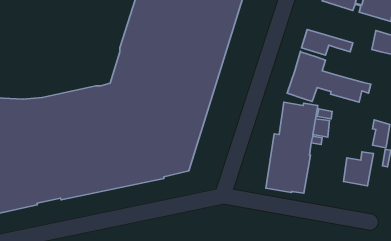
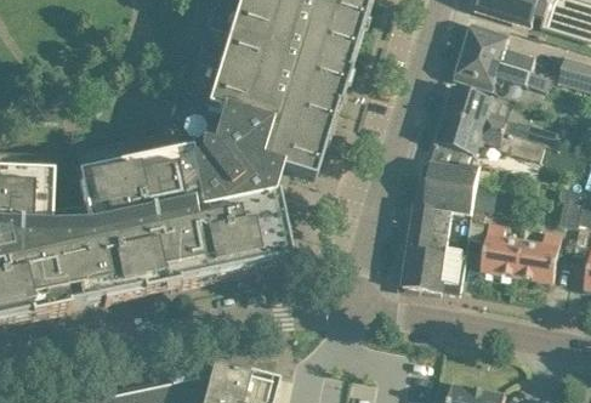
building: none -> [462,25,534,73]
building: none -> [479,223,521,277]

